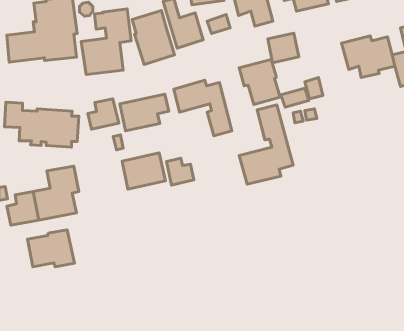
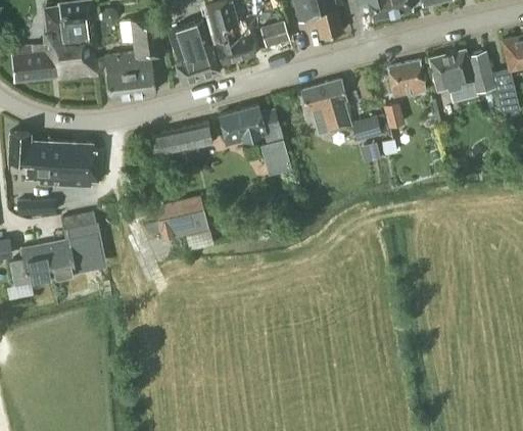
building: [268,33,299,63] -> [387,60,426,97]
building: [88,99,119,129] -> none
building: [239,105,293,184] -> none
building: [166,158,194,185] -> none
building: [27,230,74,267] -> none

